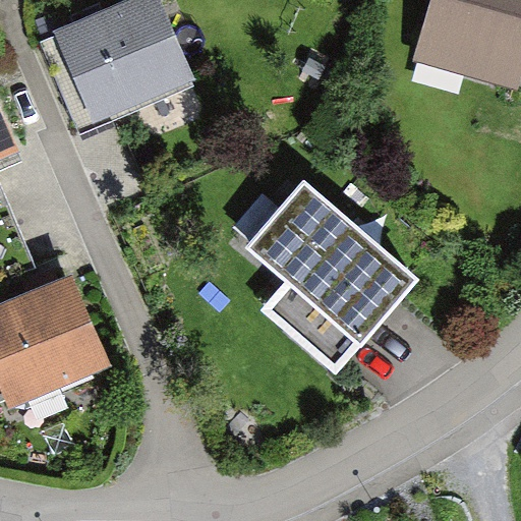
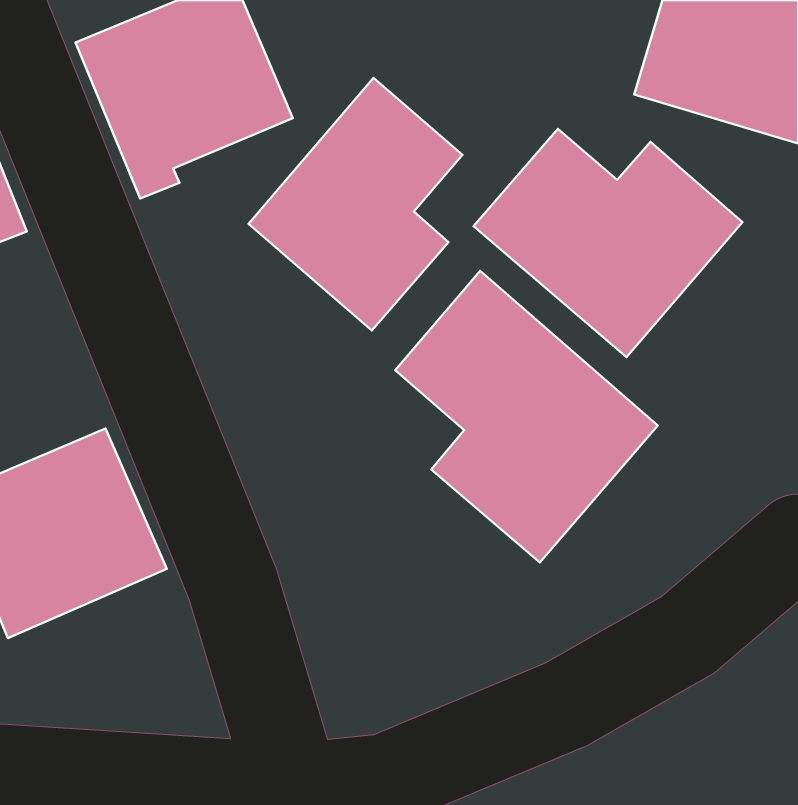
building: none -> [248,78,463,330]
building: none -> [474,129,743,357]

